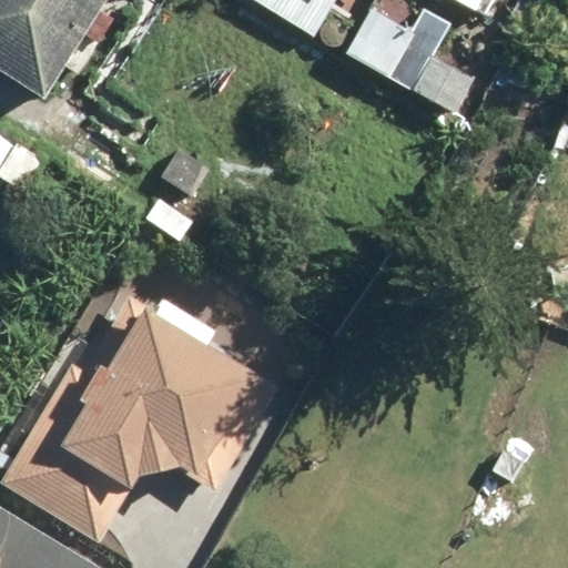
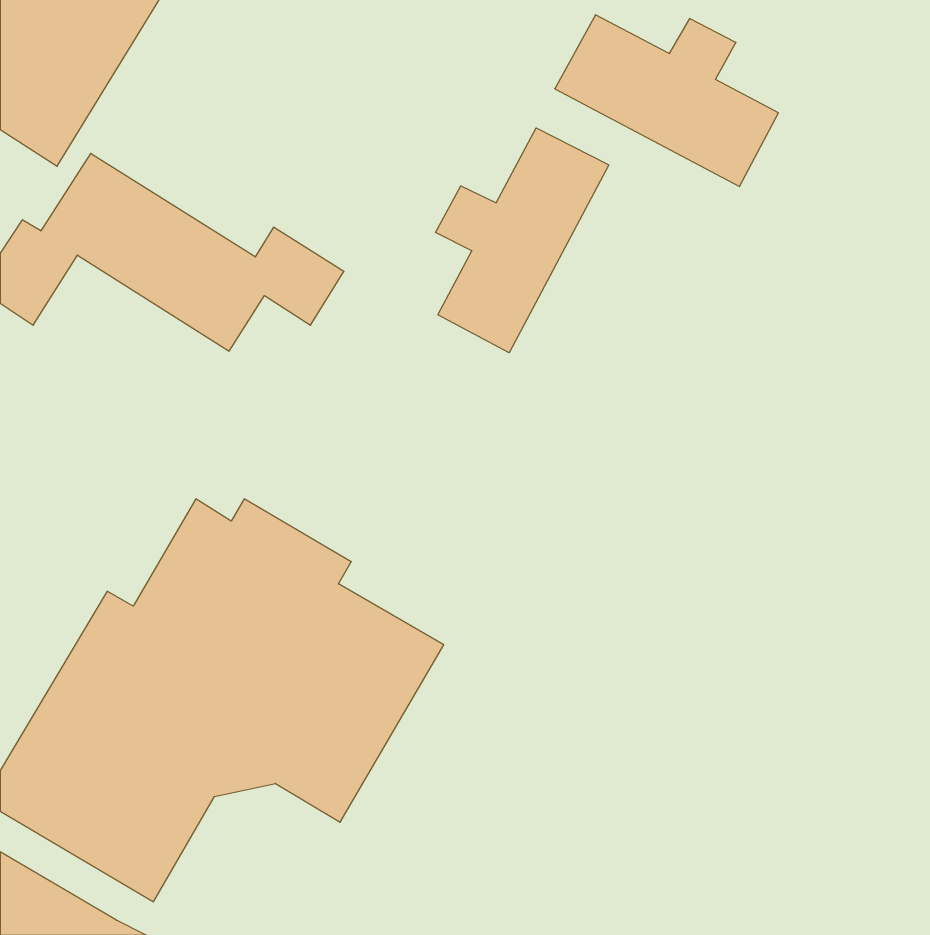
building: none -> [436,128,609,353]

